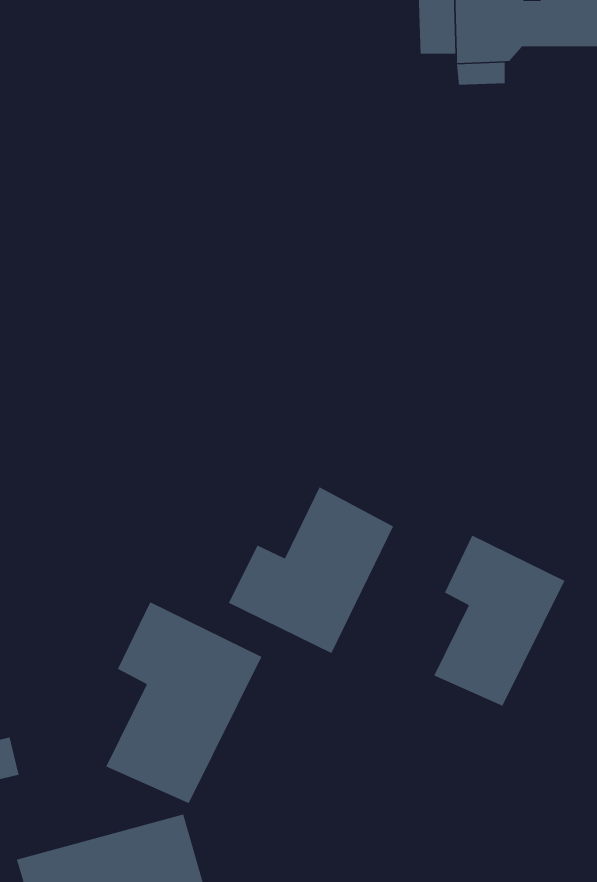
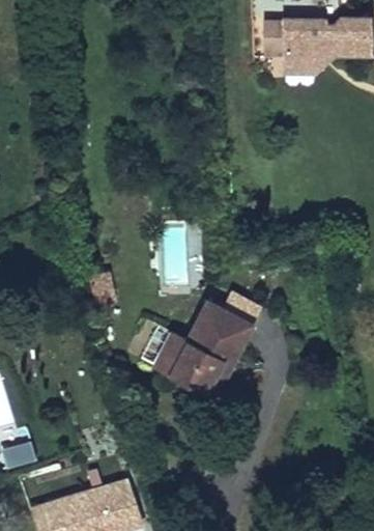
building: [433,535,565,707] -> none
building: [105,601,262,804] -> none

